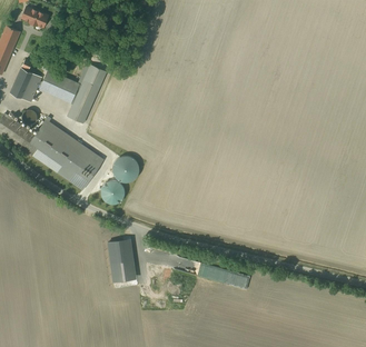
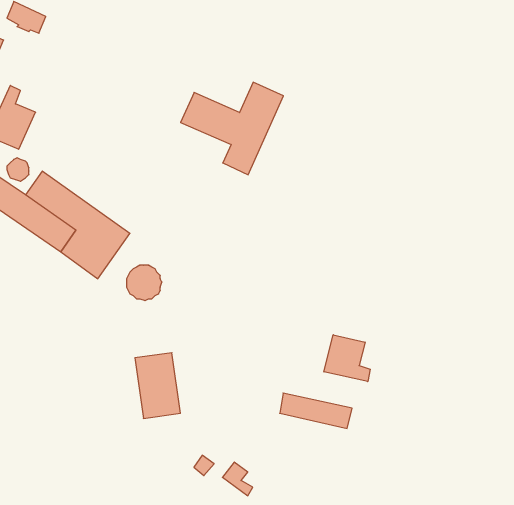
building: [39,62,107,123] -> [181,82,283,175]
building: [112,156,139,182] -> none
building: none -> [324,335,370,382]

